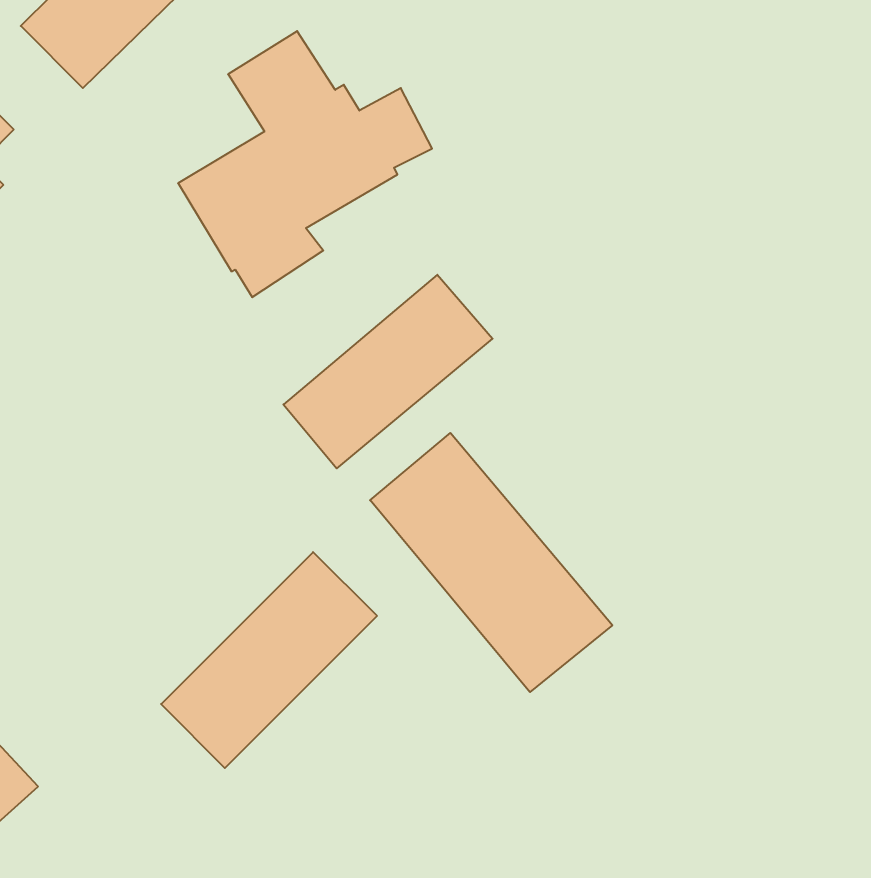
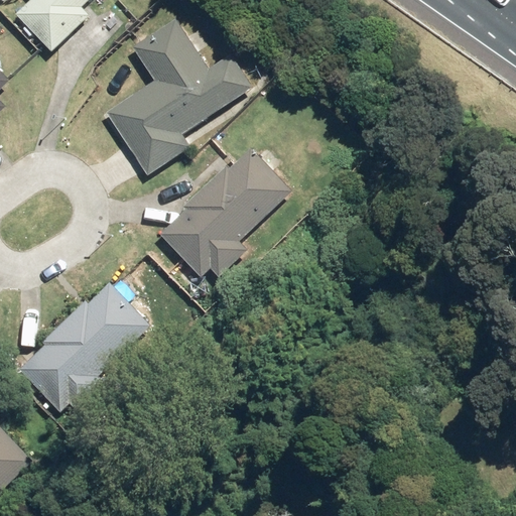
building: [370,433,612,692] -> none
building: [161,552,377,768] -> [22,284,148,410]

